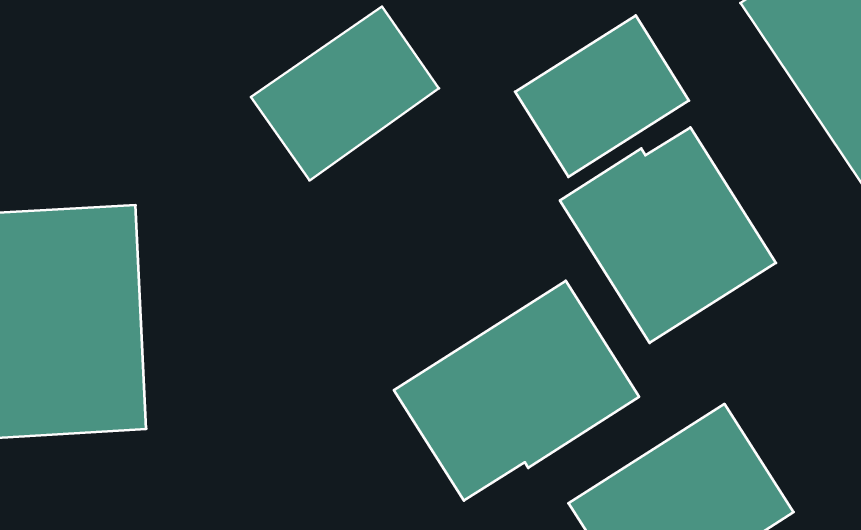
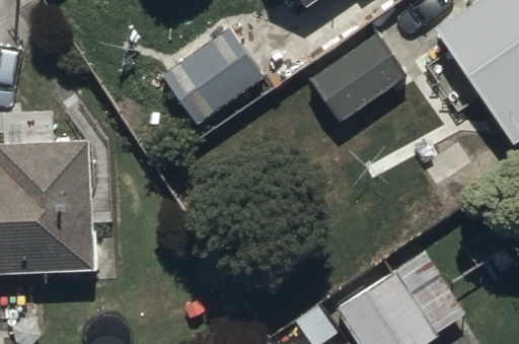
building: [560,127,776,343] -> none
building: [394,281,639,501] -> none

